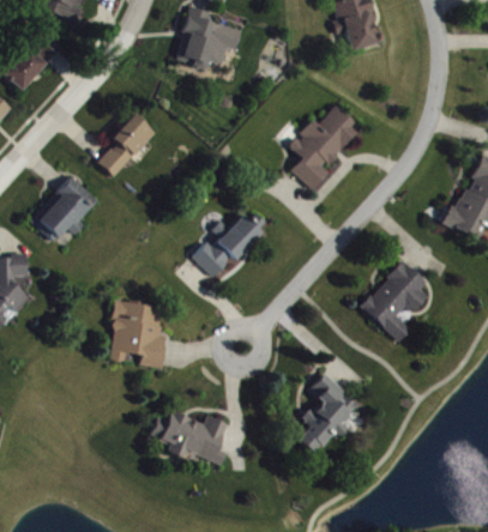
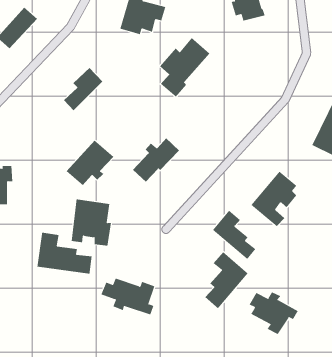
building: [289,104,361,189] -> [159,37,210,97]
building: [30,176,98,241] -> [66,140,114,186]
building: none -> [212,210,256,260]
building: none -> [37,232,92,275]
building: none -> [249,292,299,335]

